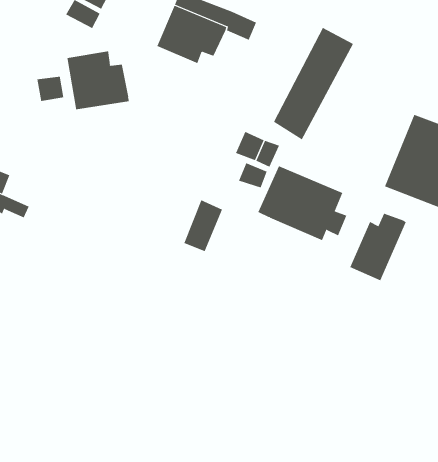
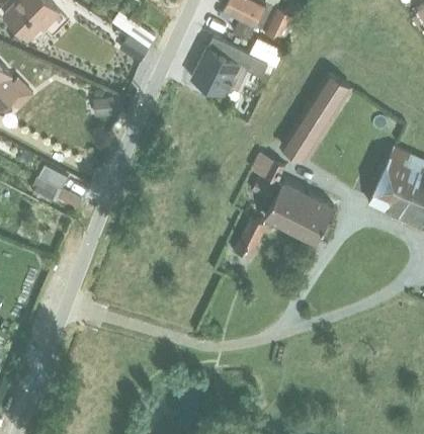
building: [67,51,129,110] -> none
building: [183,199,223,252] -> [233,214,266,257]
building: [350,213,407,281] -> none

